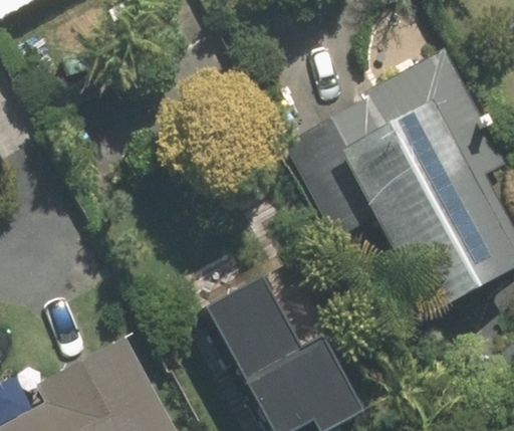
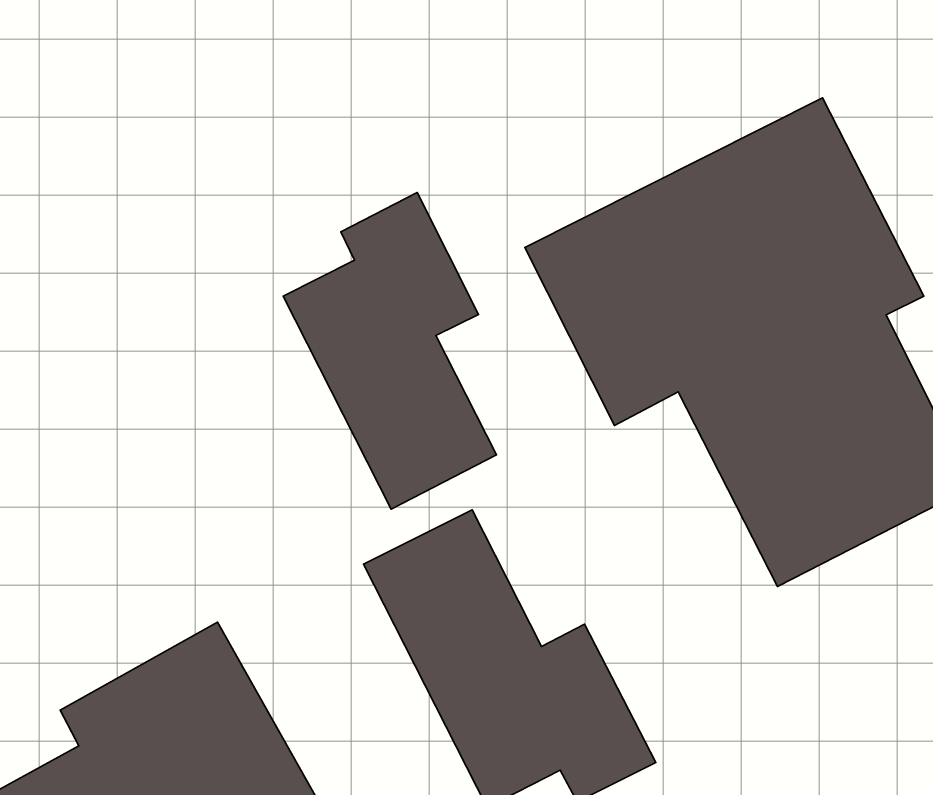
building: none -> [283,193,497,509]

